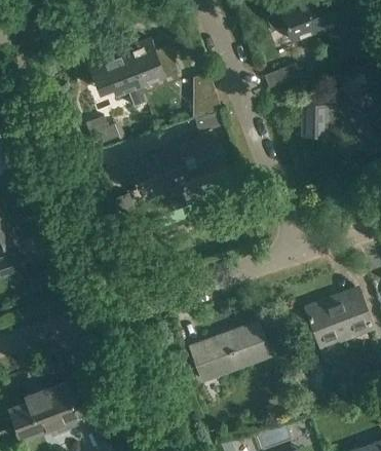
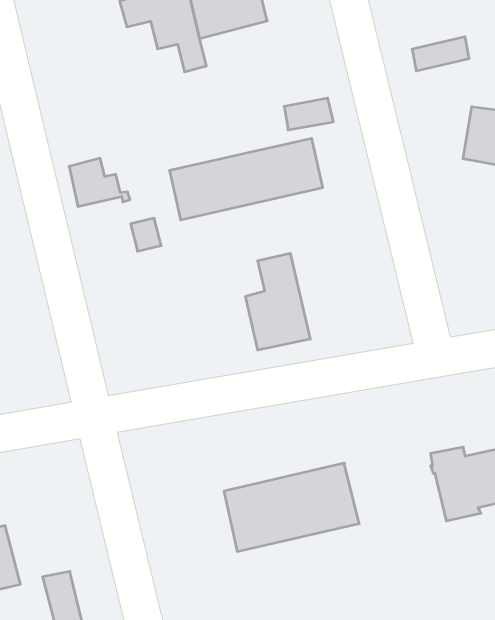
building: [192,74,220,118] -> none
building: [85,117,123,147] -> [69,158,130,207]
building: none -> [246,253,310,350]

